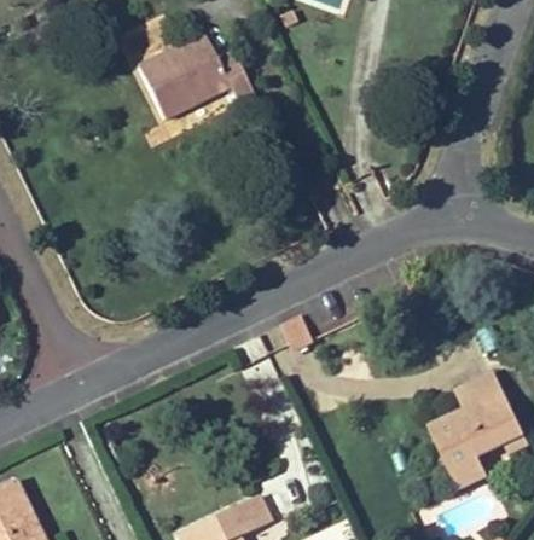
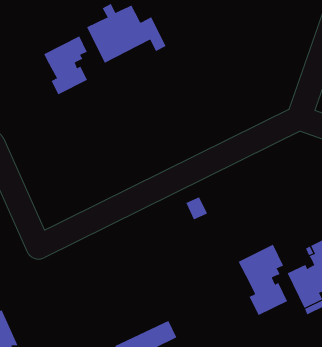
building: none -> [43,36,88,95]
building: none -> [238,244,288,316]

